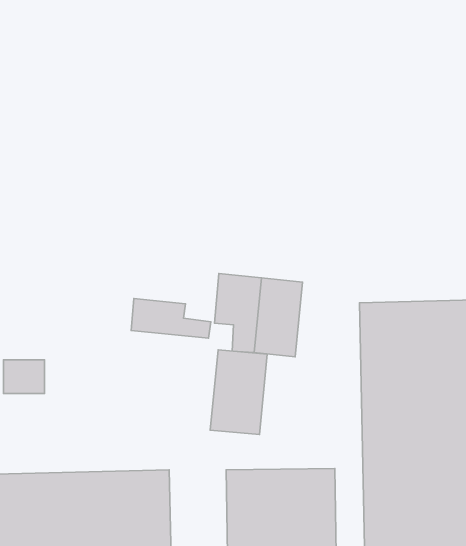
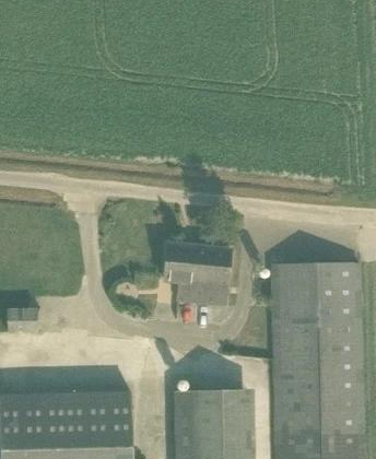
building: [131,299,211,338] -> none
building: [210,350,267,435] -> none

